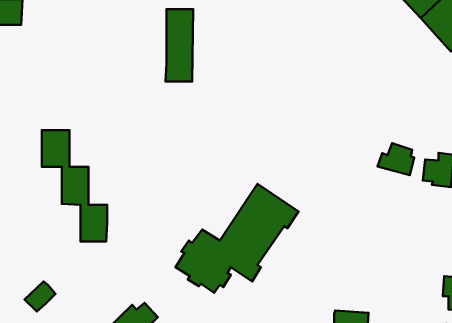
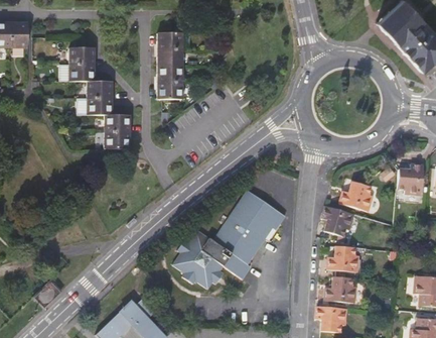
building: [42,130,107,241] -> [74,46,133,147]
building: [378,143,414,175] -> [337,182,371,211]
building: none -> [321,205,353,236]
building: none -> [327,245,357,271]
building: none -> [323,275,354,302]

